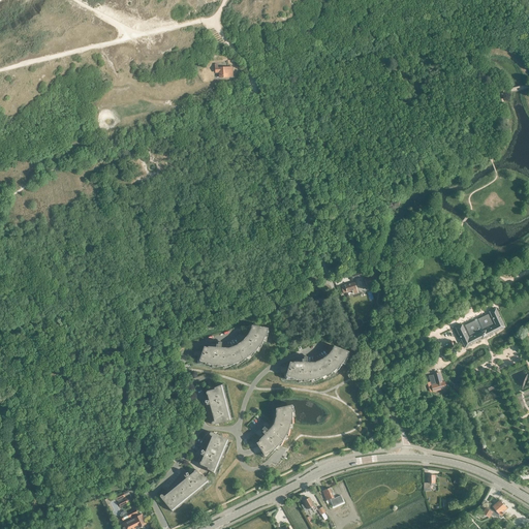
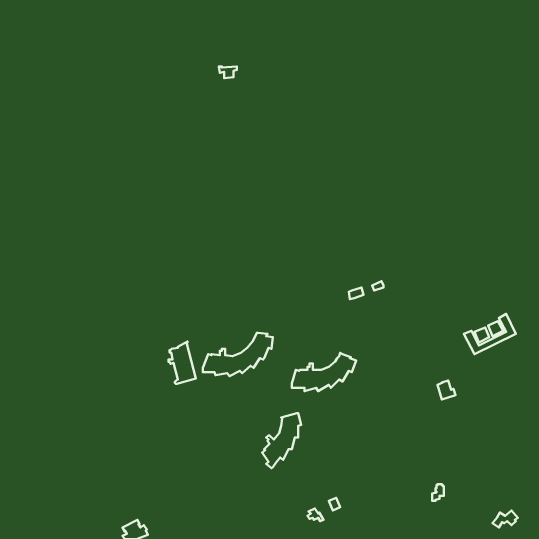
building: [204,382,230,424] -> [168,342,196,384]
building: [198,431,228,473] -> none
building: [159,469,209,510] -> none

